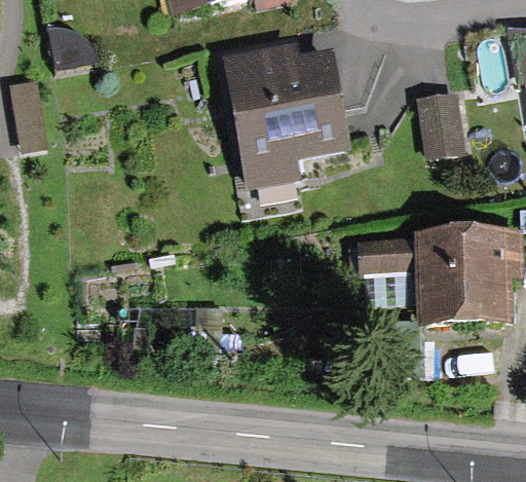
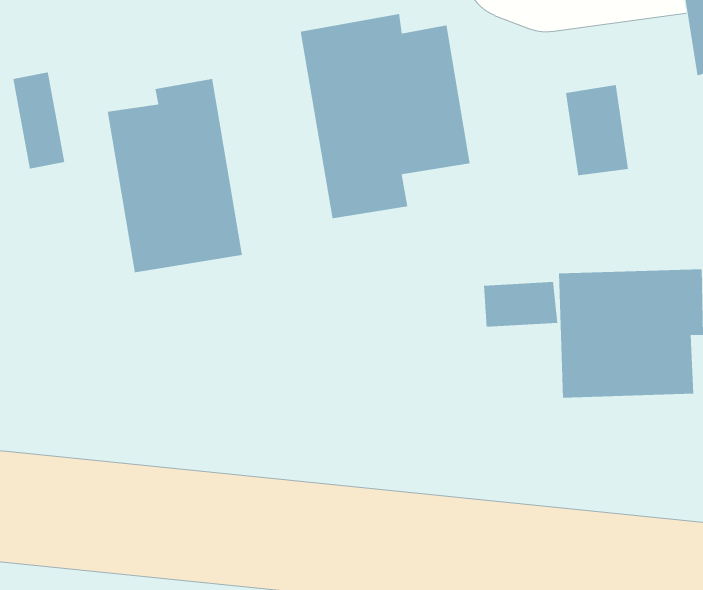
building: none -> [107,78,243,273]

